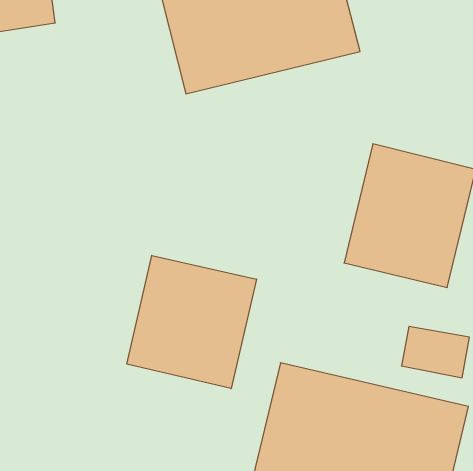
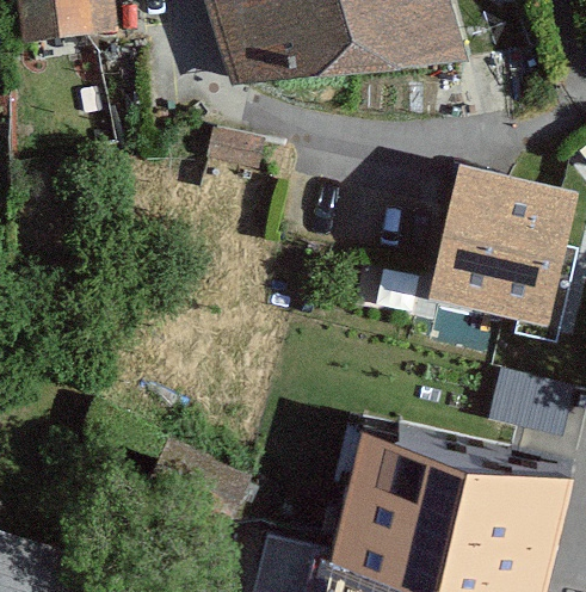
building: [127,255,256,389] -> none

